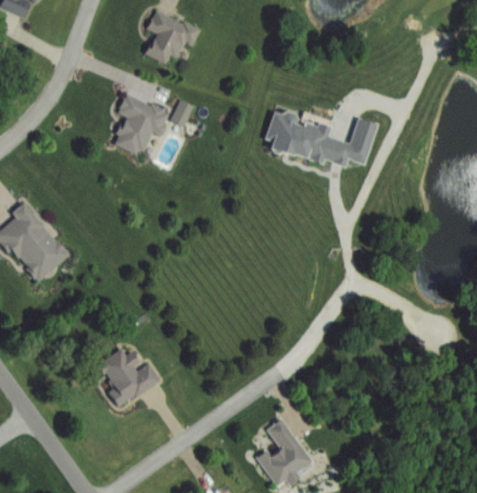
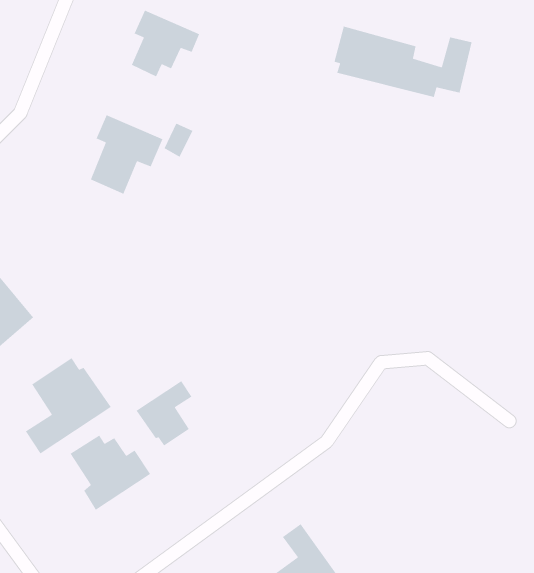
building: [264,110,375,167] -> [334,26,472,98]
building: none -> [25,357,112,454]
building: none -> [136,380,192,446]

